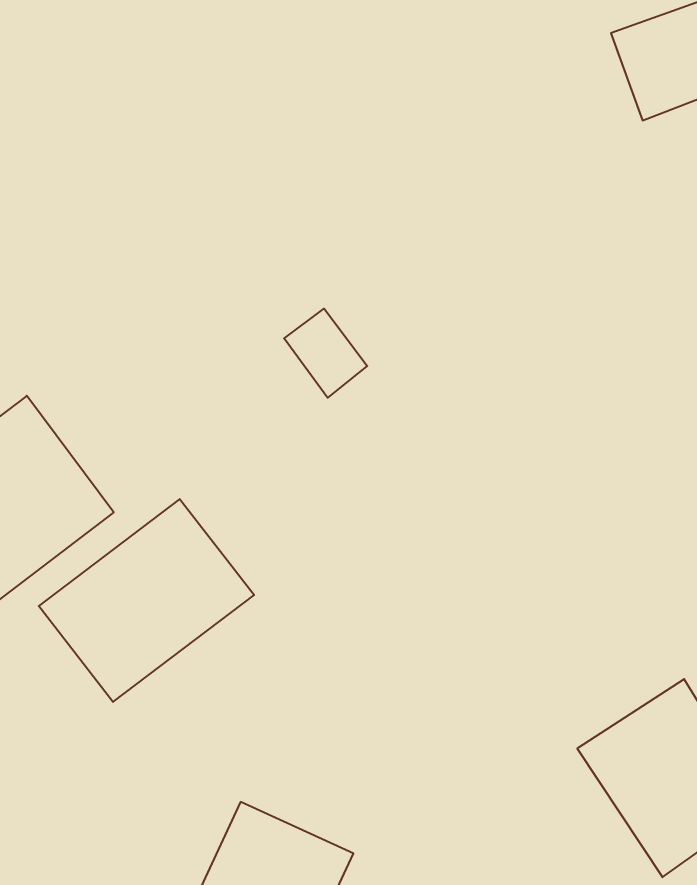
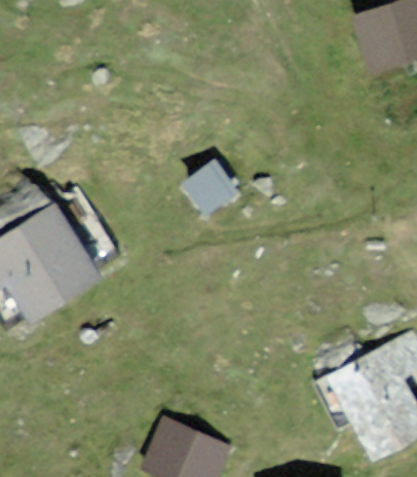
building: [39,499,254,702] -> none

